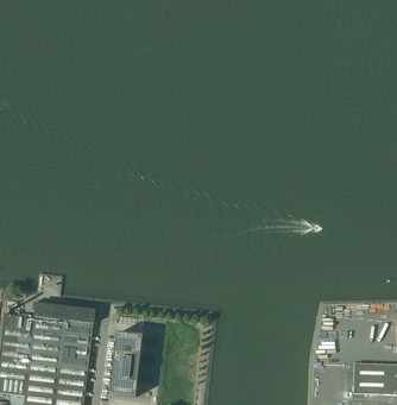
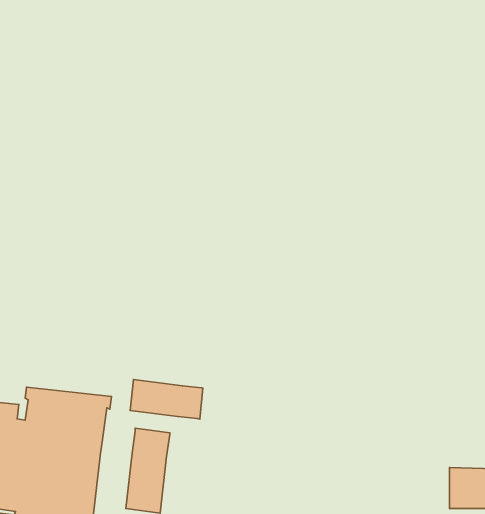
building: none -> [130,380,203,419]

